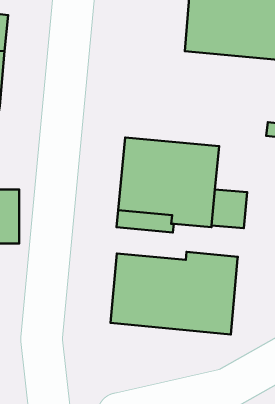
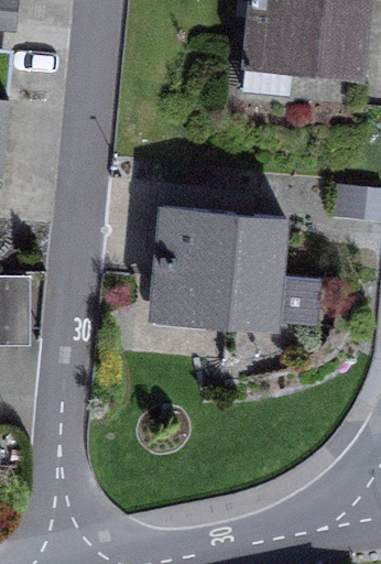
building: [110,252,238,334] -> none

